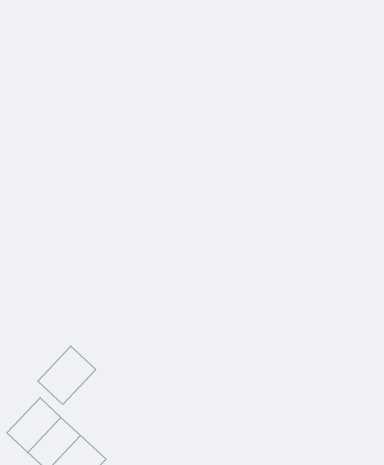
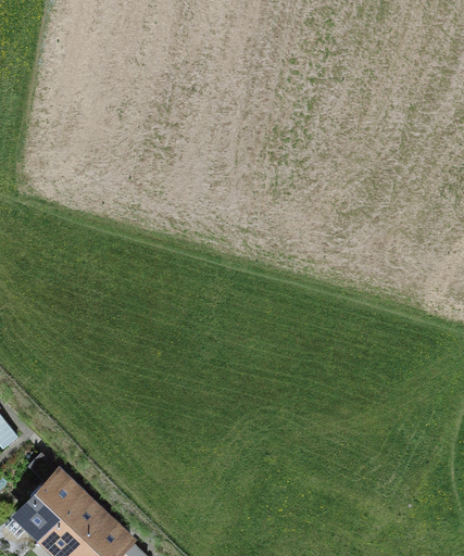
building: [38,346,96,404] -> none

